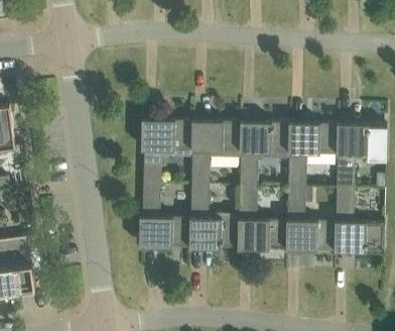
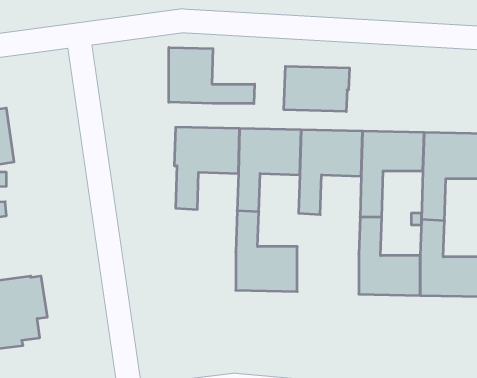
building: none -> [169,47,255,104]
building: none -> [284,66,349,112]
building: [139,184,189,248] -> none
building: [238,188,286,251] -> none

